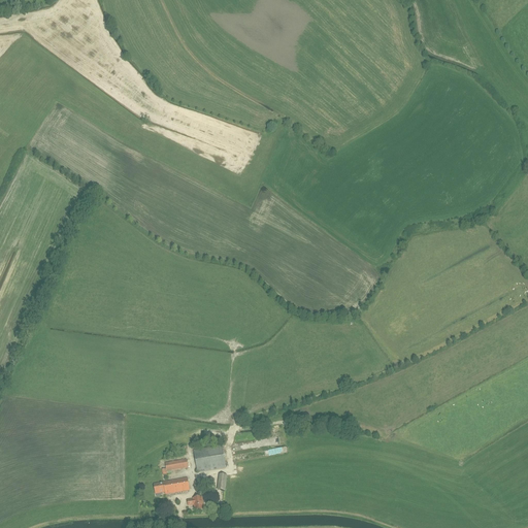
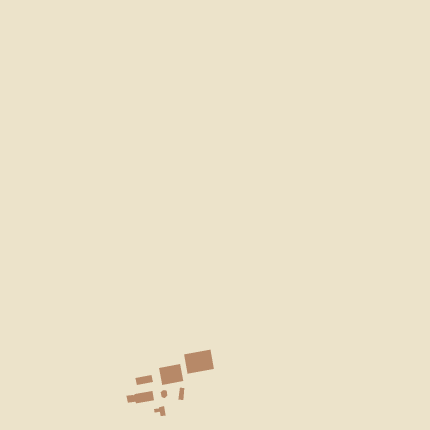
building: none -> [183,349,215,374]

